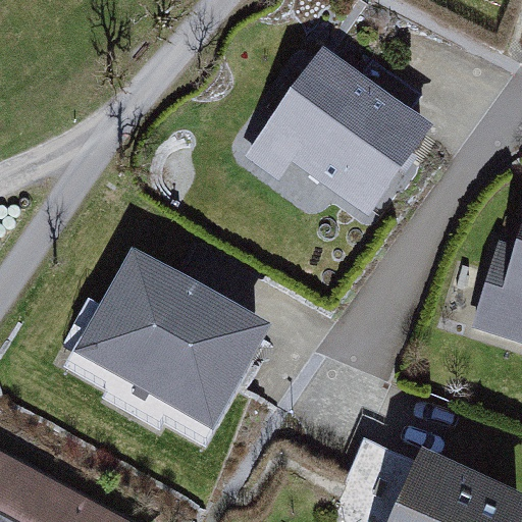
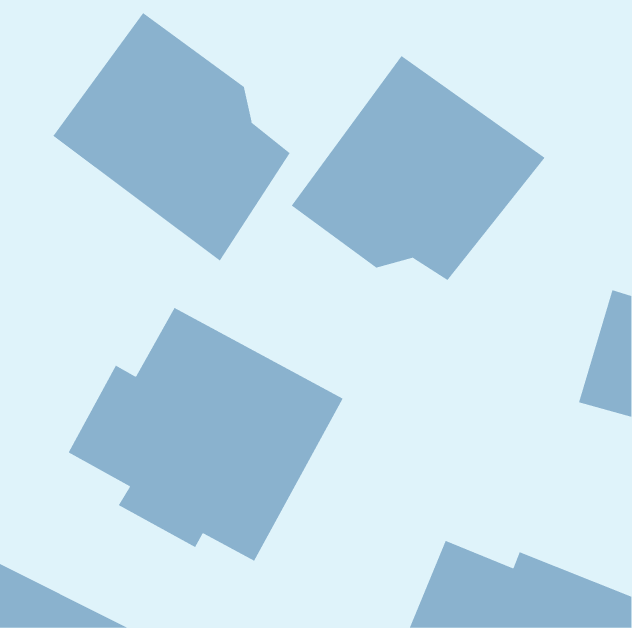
building: none -> [52,12,290,261]

